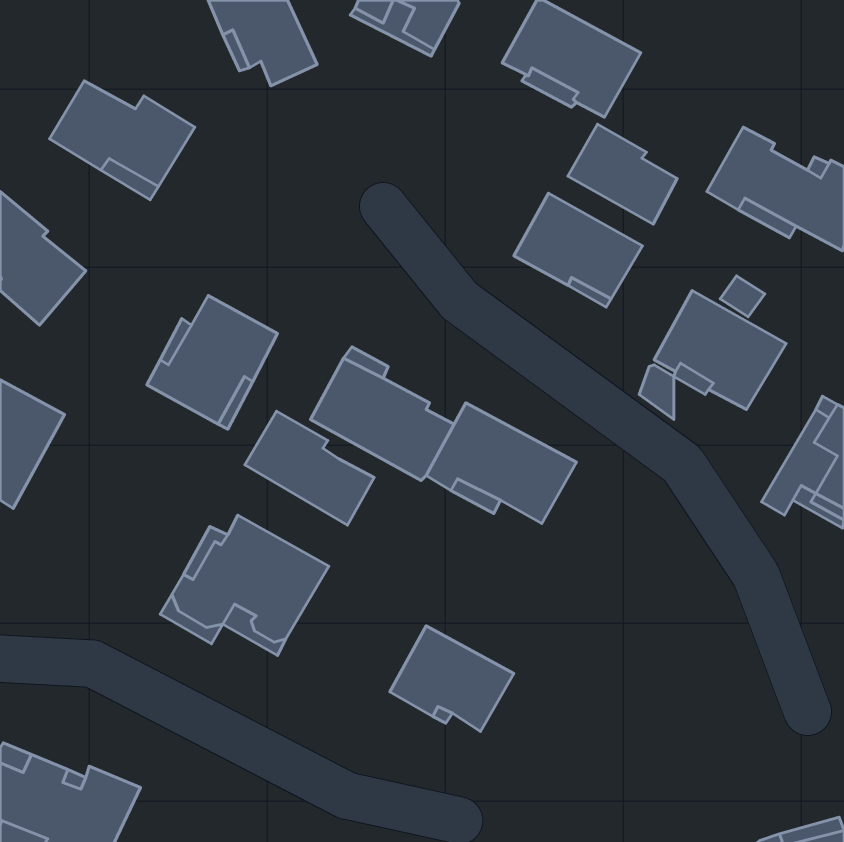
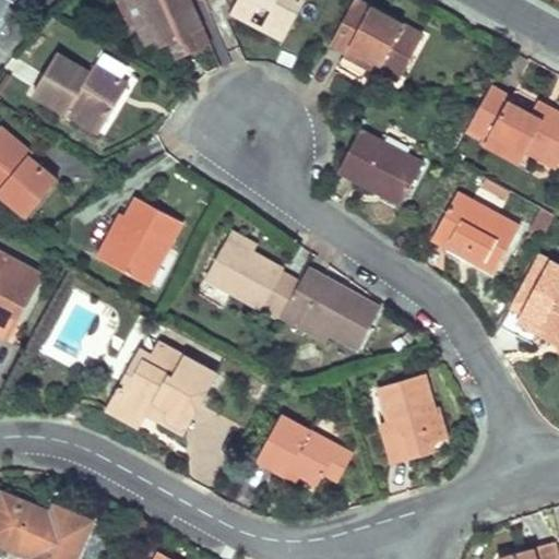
building: [568,124,677,224] -> none
building: [245,411,374,525] -> none
building: none -> [379,373,448,463]

